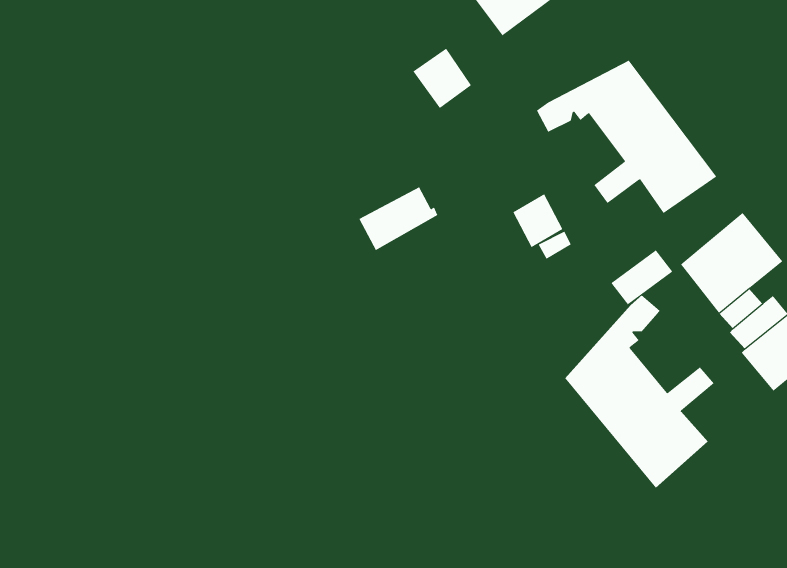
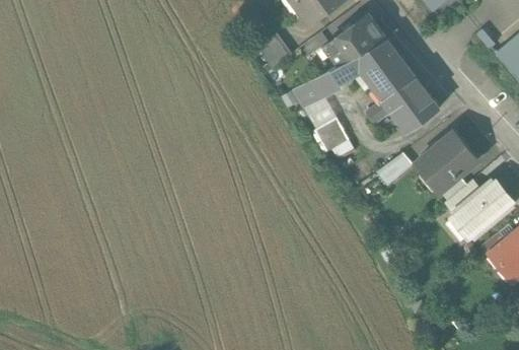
building: none -> [326,14,386,65]
building: [358,187,438,251] -> [294,70,342,109]
building: [565,295,714,489] -> none

